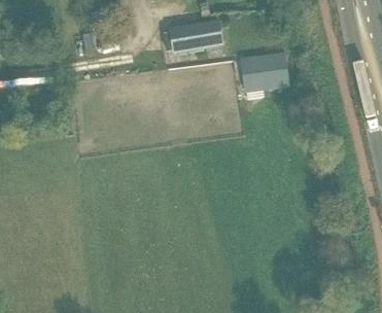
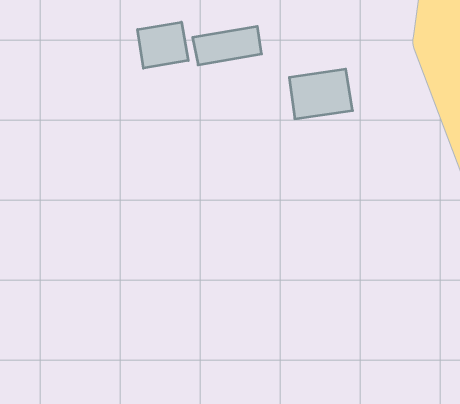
building: none -> [138,22,188,68]

